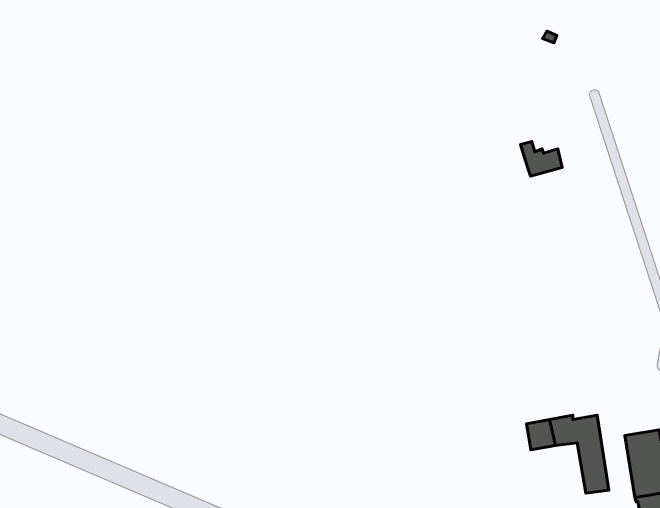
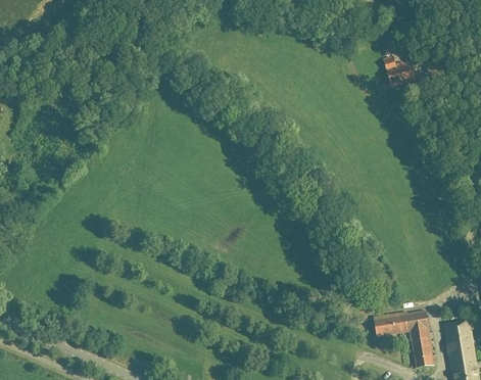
building: [520,142,562,176] -> [385,60,415,85]

